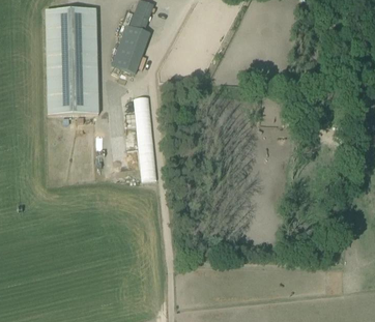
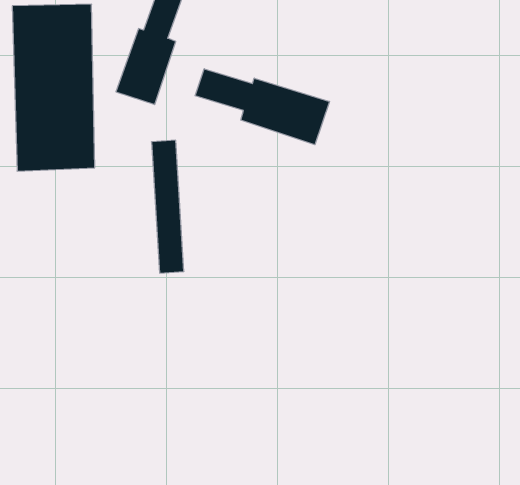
building: none -> [195,69,329,145]

